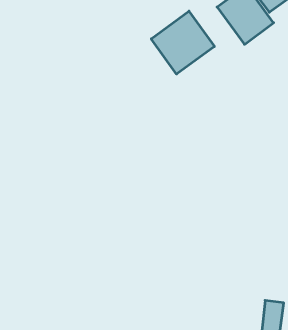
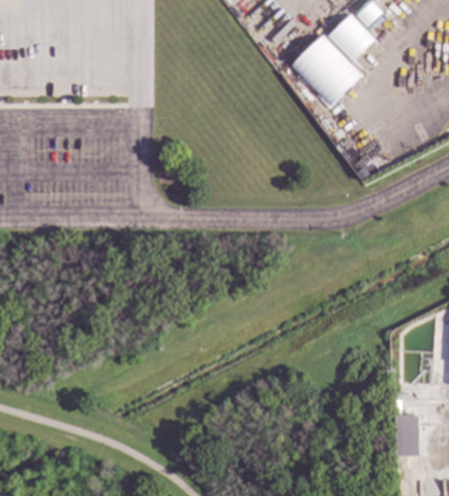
building: [151,11,214,74] -> none

